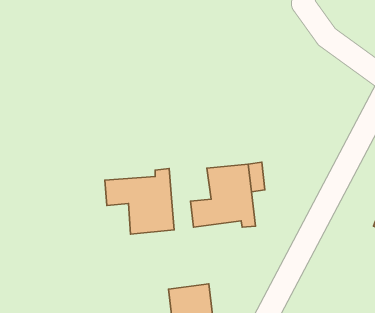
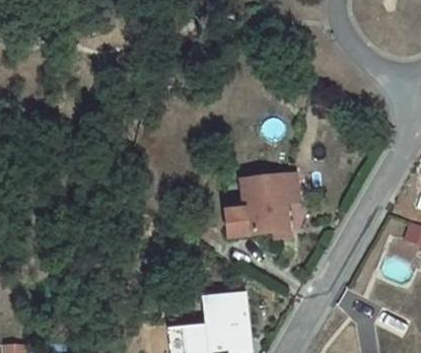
building: [105,169,174,234] -> none

